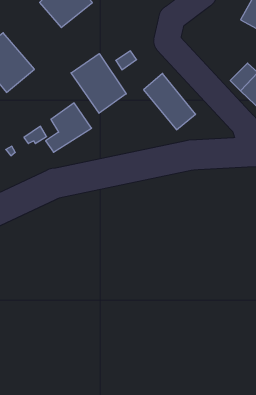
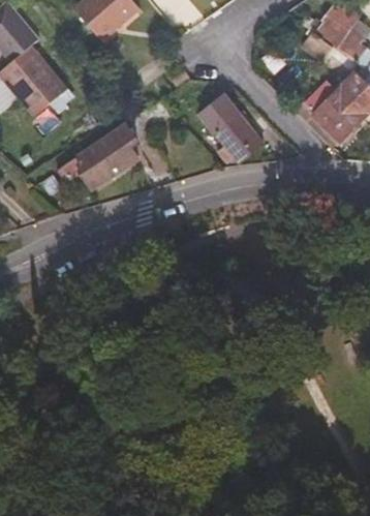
building: [71,54,126,113] -> none

